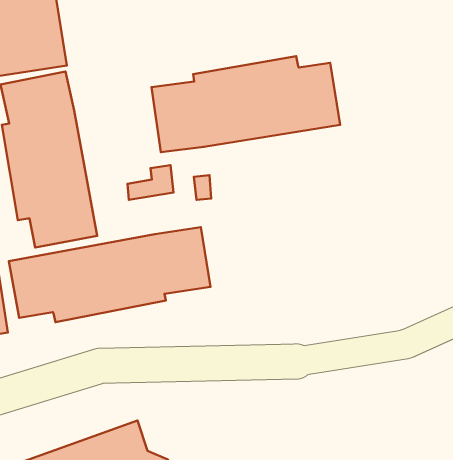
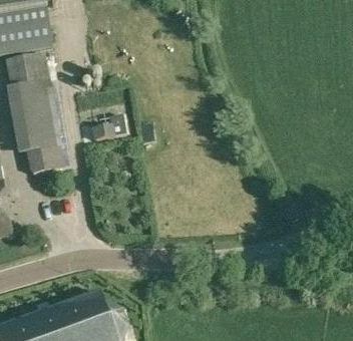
building: [151,56,340,152] -> none
building: [9,227,210,322] -> none

